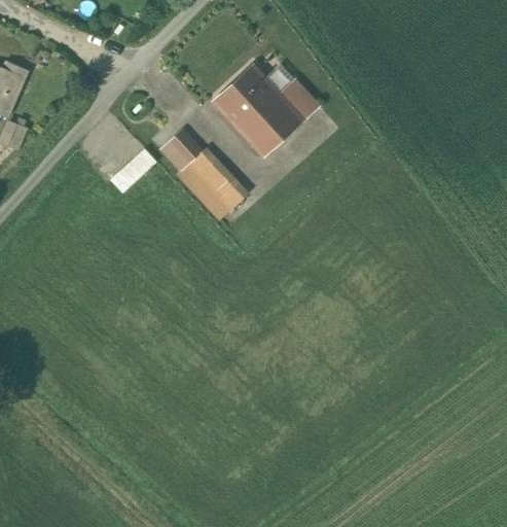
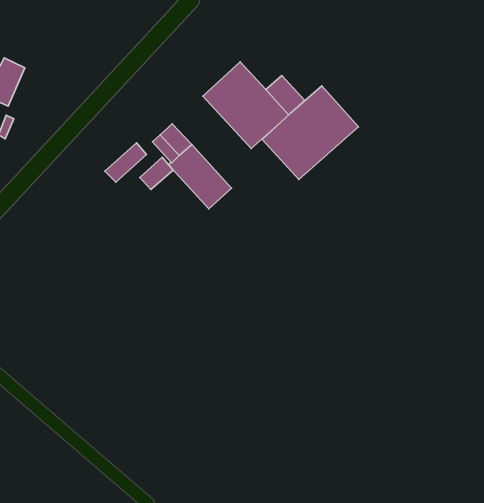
building: none -> [262,86,358,180]
building: none -> [140,157,173,190]

